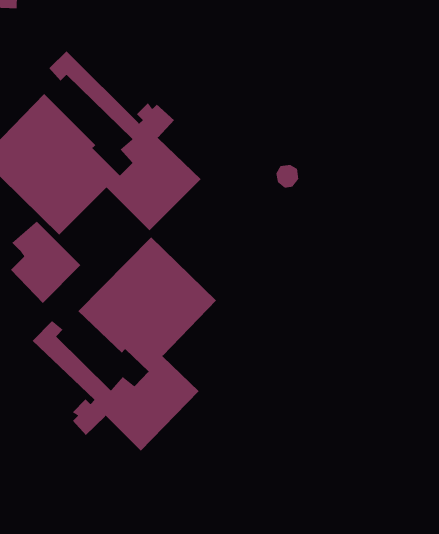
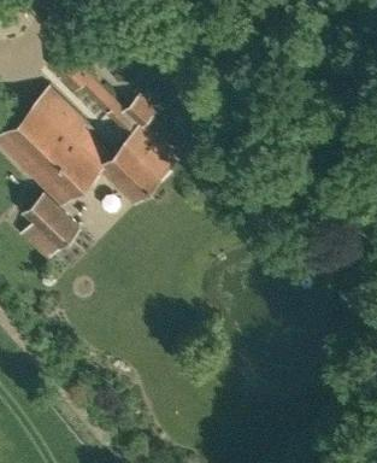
building: [32,236,217,452] -> none

